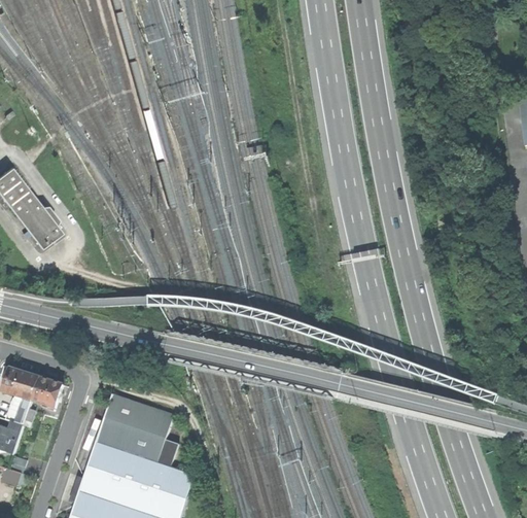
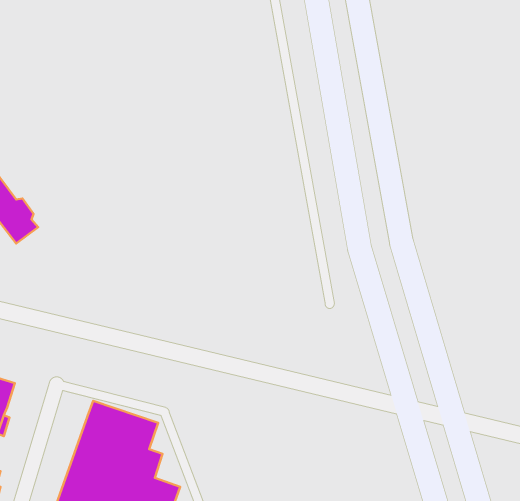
building: [32,378,62,410] -> none

